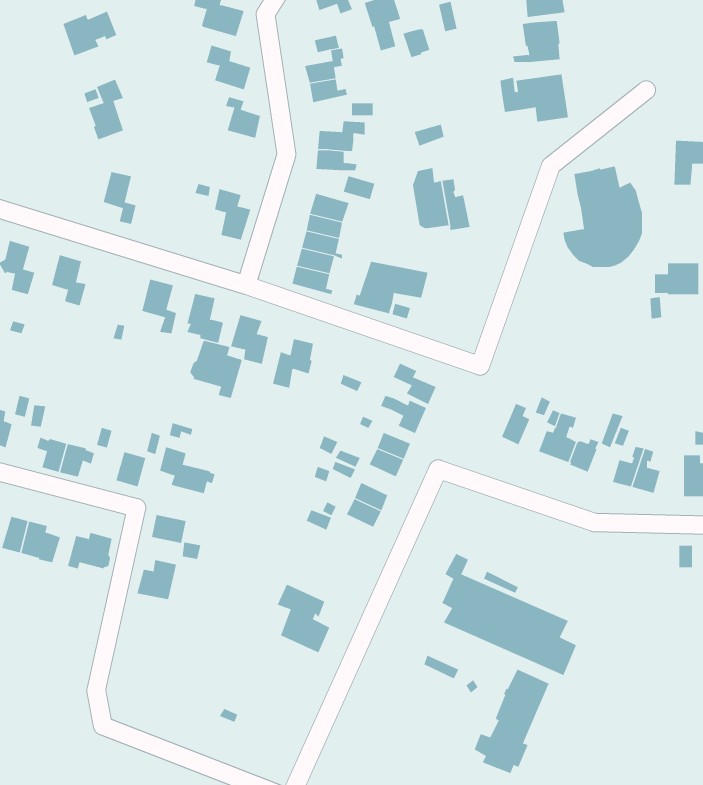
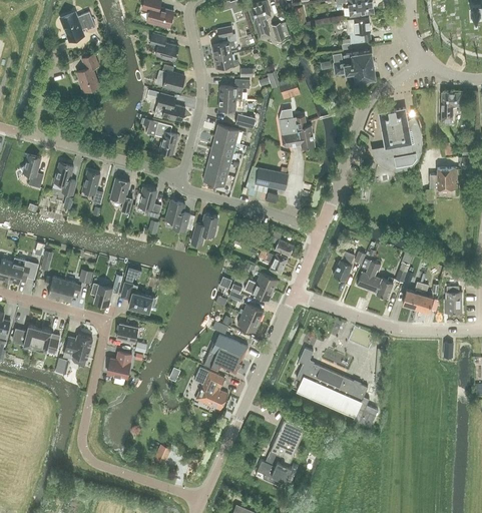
building: none -> [156,93,184,121]
building: [103,171,137,225] -> [81,171,102,204]
building: [190,340,243,399] -> none
building: none -> [208,335,247,374]
building: [474,669,550,774] -> [257,421,304,486]

